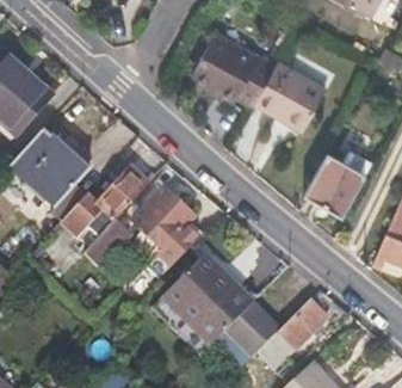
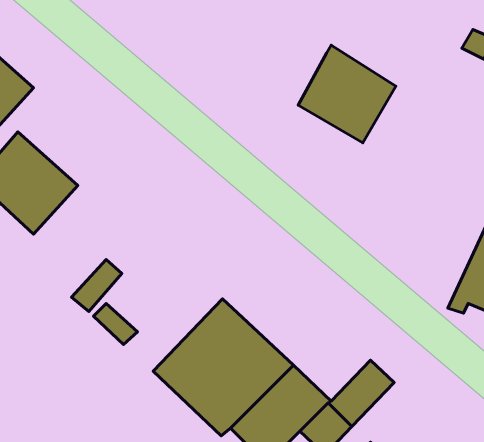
building: [191,35,278,110] -> none
building: [308,155,366,216] -> none
building: [62,165,150,234] -> none
building: [134,189,198,273] -> none

